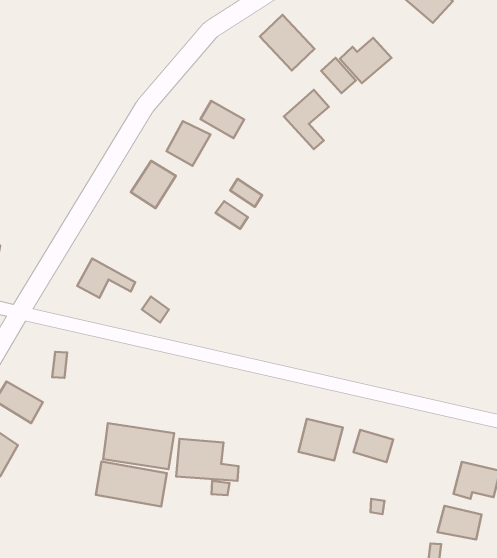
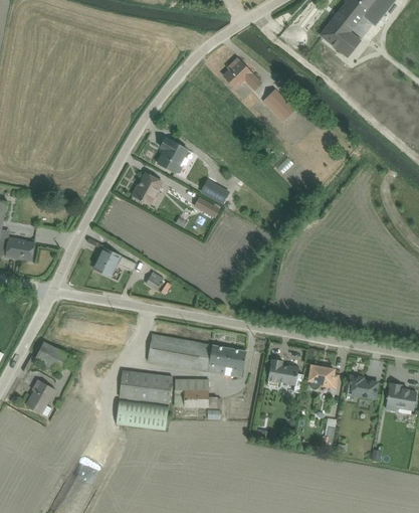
building: [340,38,391,83] -> none
building: [284,90,329,149] -> none
building: [200,101,244,138] -> none
building: none -> [149,334,244,377]
building: [438,506,482,540] -> [346,375,378,399]

